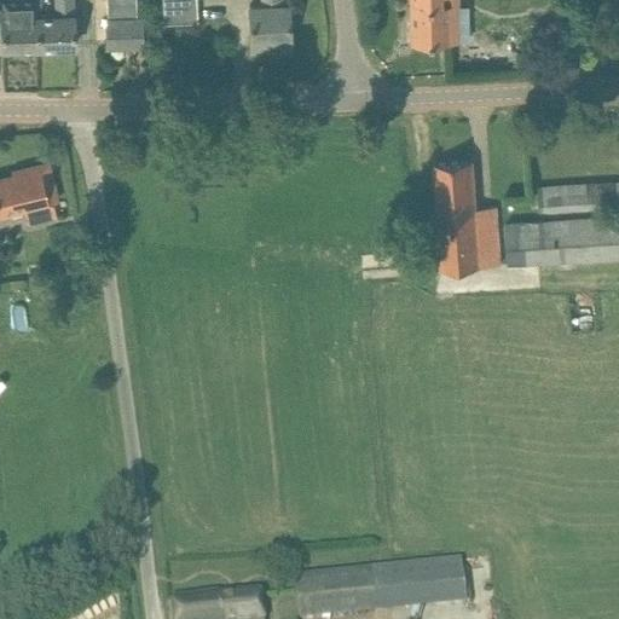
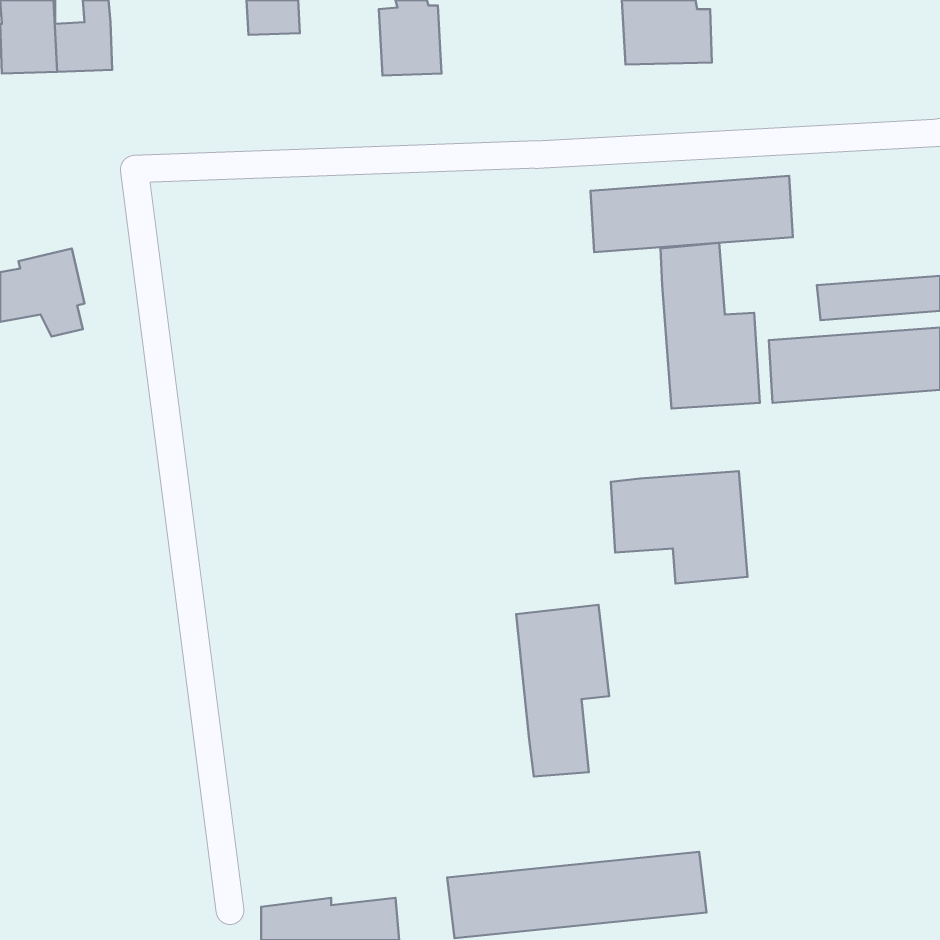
building: [106,18,140,45] -> none
building: none -> [590,176,793,252]
building: none -> [611,471,748,584]
building: none -> [516,605,609,777]

